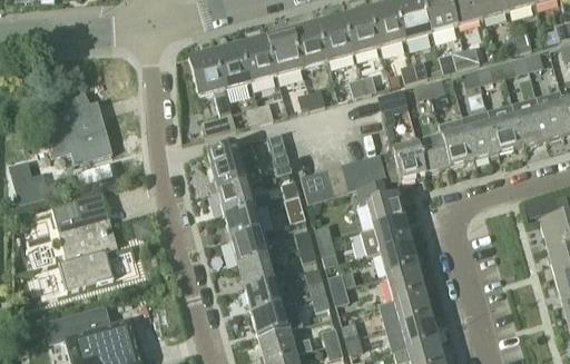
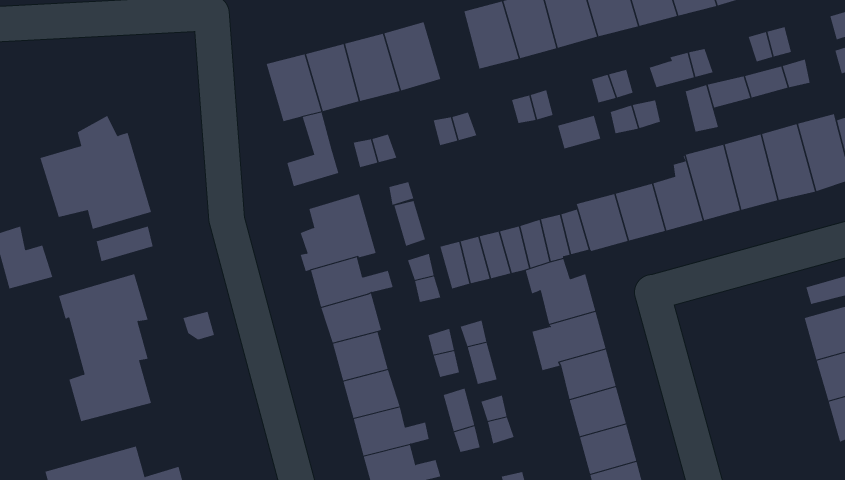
building: [292,22,327,67] -> none

